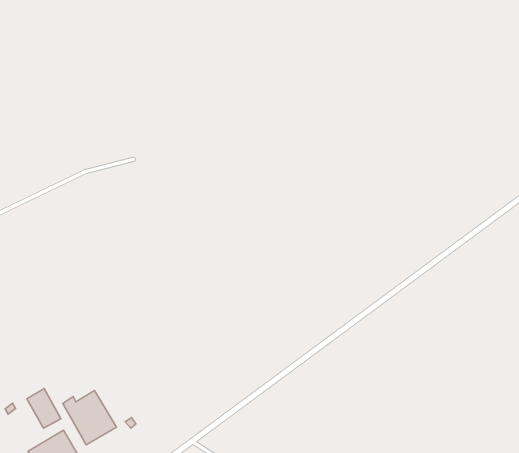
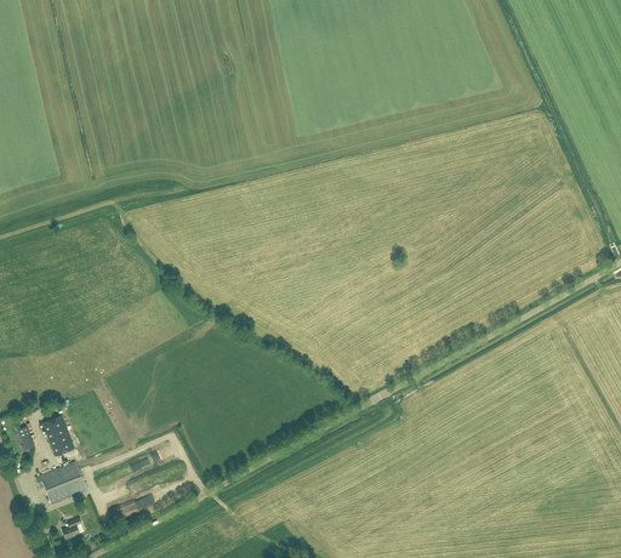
building: [63,390,117,445] -> none

